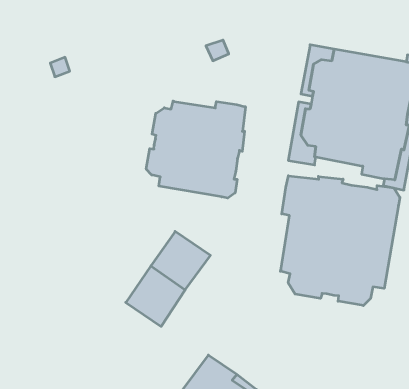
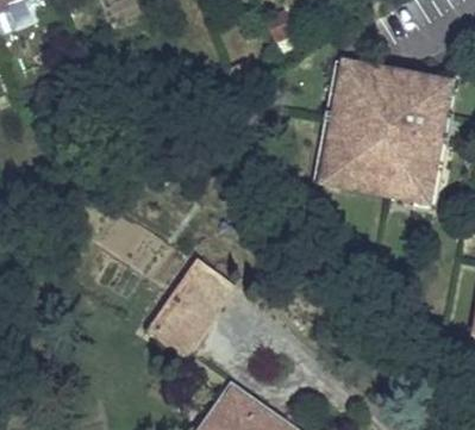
building: [146,101,245,198] -> none
building: [280,176,400,306] -> none

